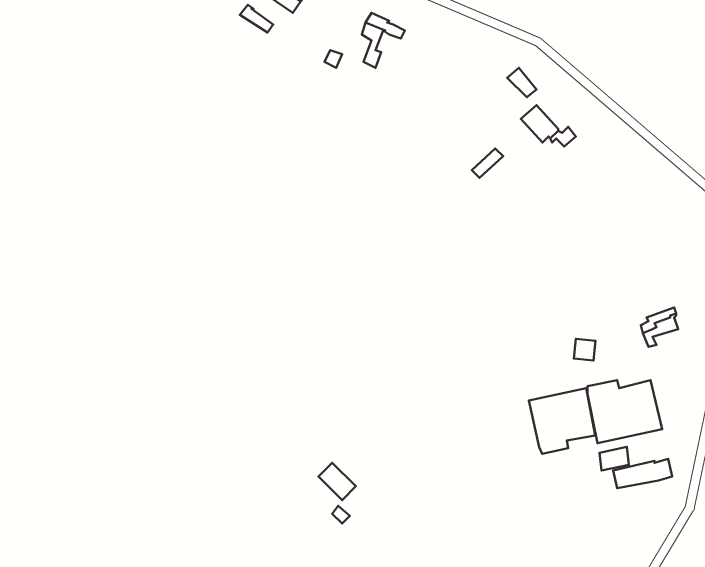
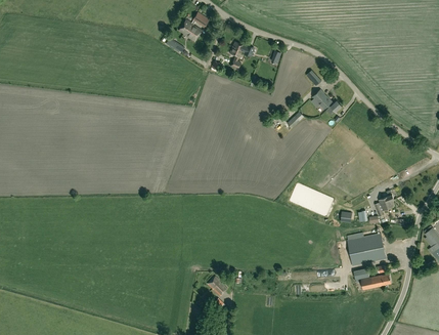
building: [529,388,595,454] -> none

